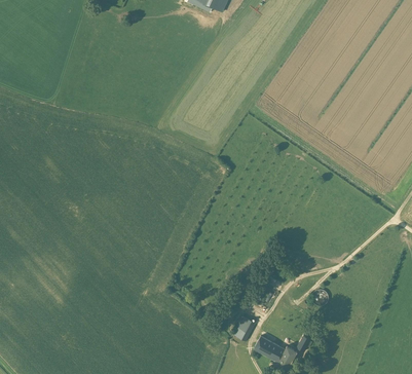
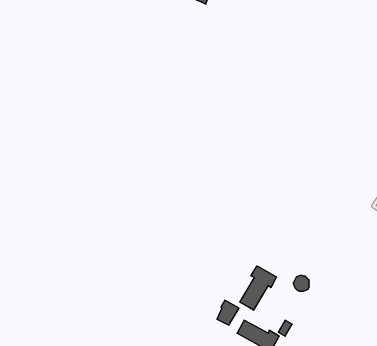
building: none -> [240,266,276,310]

